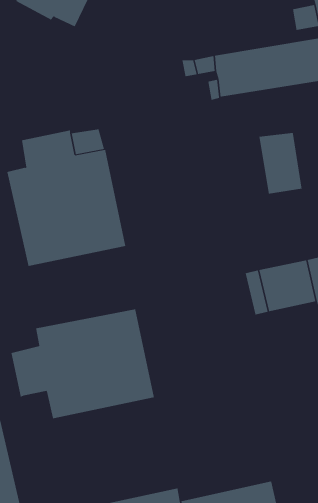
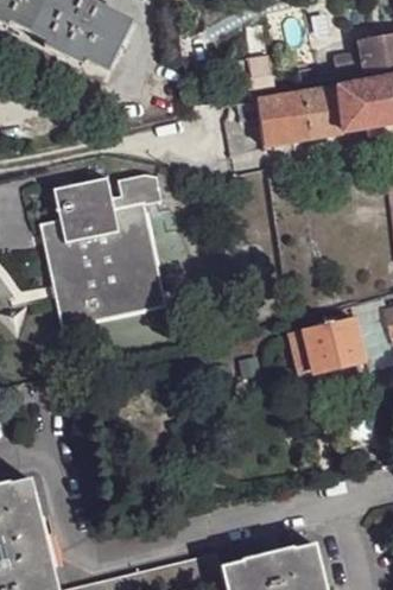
building: [259,132,302,194] -> none
building: [11,308,154,419] -> none

